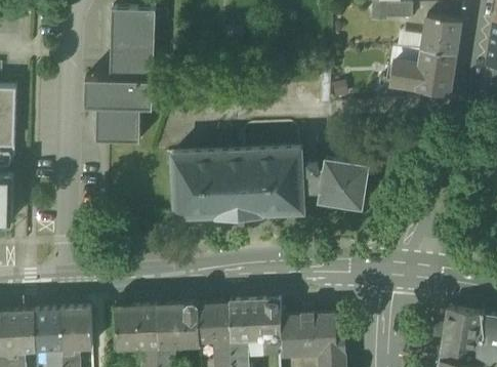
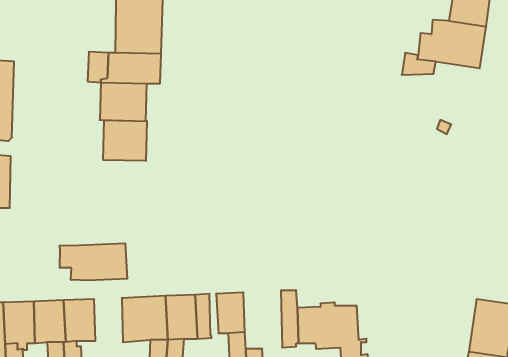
building: none -> [103,120,147,161]
building: [172,149,367,215] -> none
building: none -> [60,243,127,280]
building: [230,300,265,355] -> none

